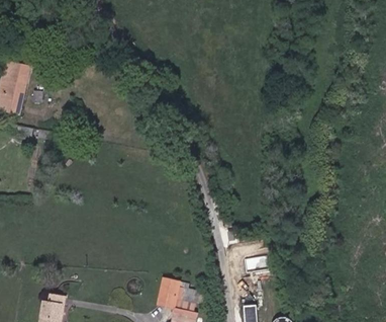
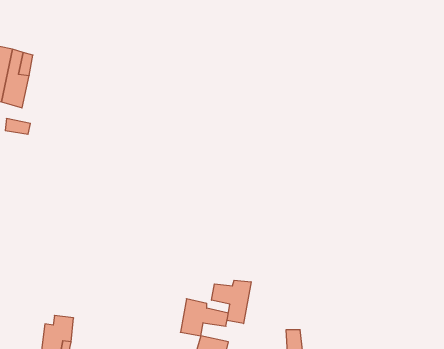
building: none -> [212,280,251,324]

